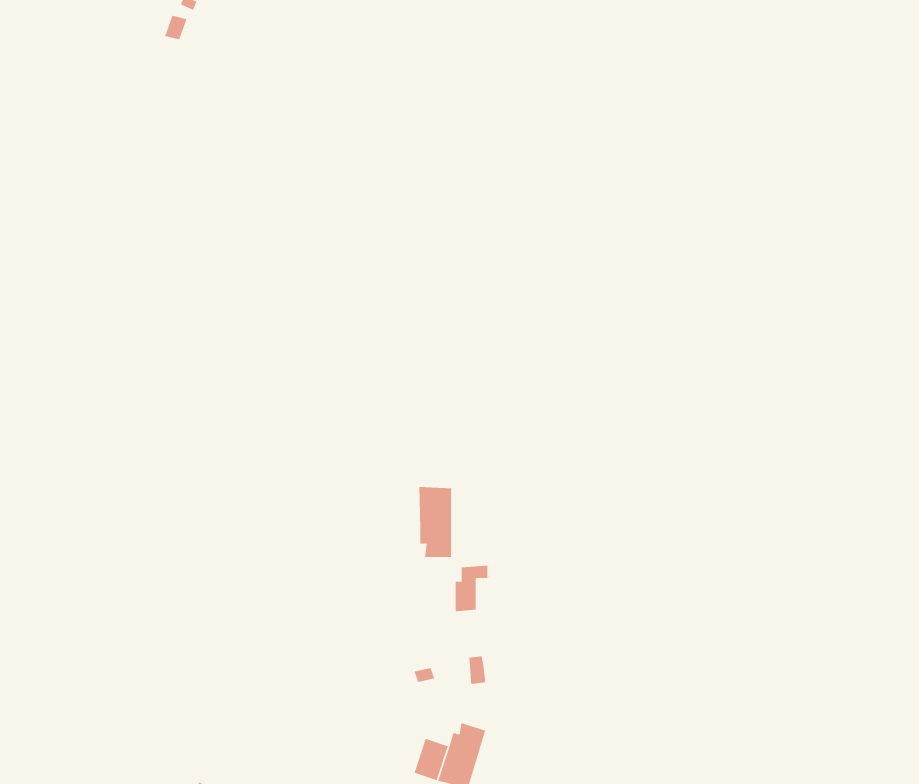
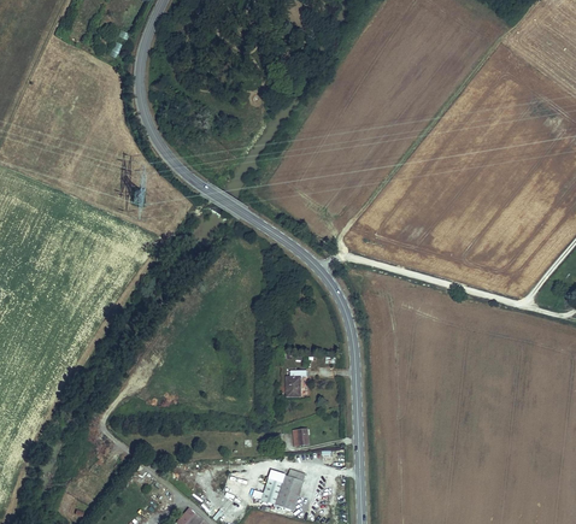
building: [418,486,452,558] -> none

